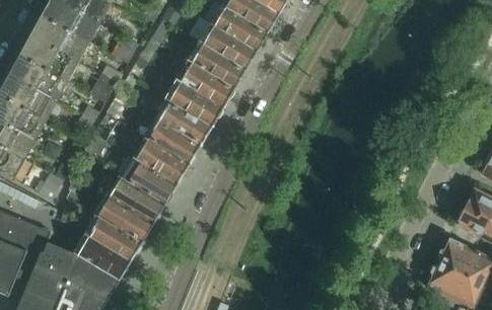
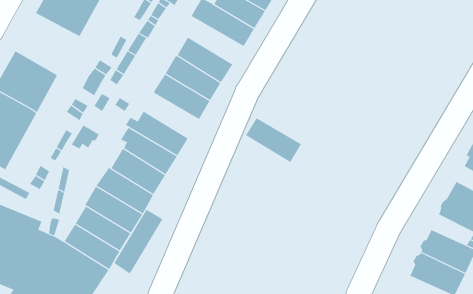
building: [21,17,87,81] -> none
building: [198,24,256,70] -> none
building: [152,99,210,146] -> [245,117,302,163]
building: none -> [113,209,163,274]

